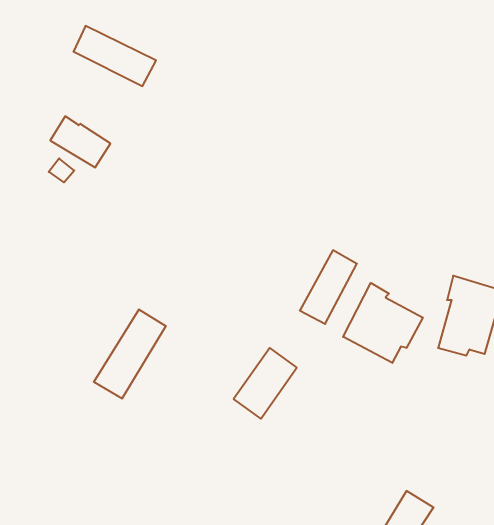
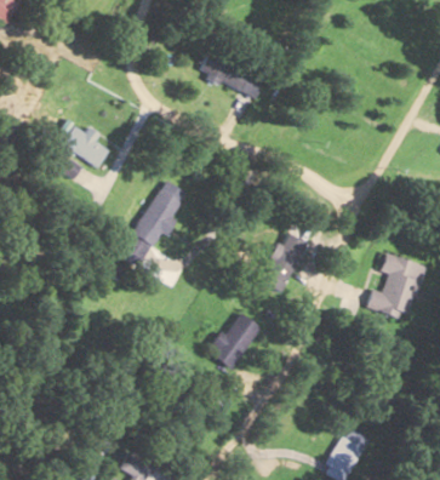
building: [73,26,156,86] -> [199,48,265,97]
building: [343,283,423,363] -> none
building: [94,310,166,398] -> [122,188,181,259]

